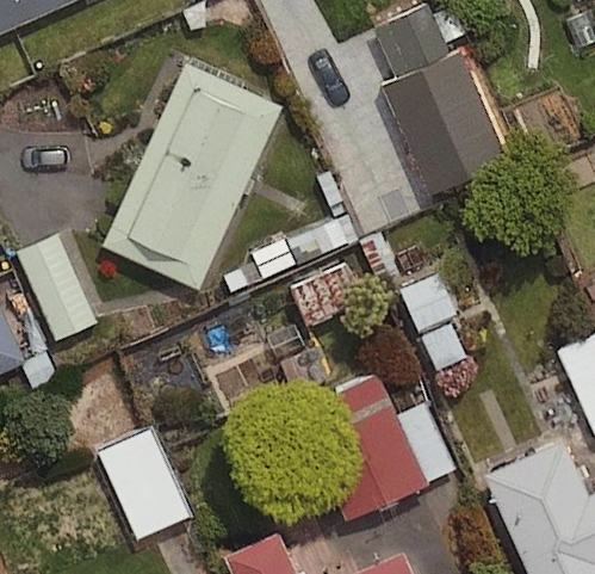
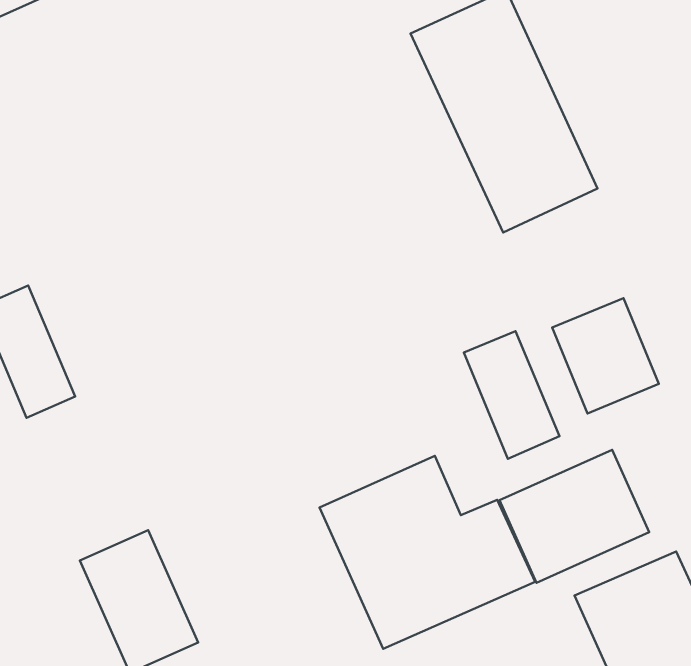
building: [104,63,283,291] -> none
building: none -> [552,298,659,413]
building: none -> [499,450,649,583]

